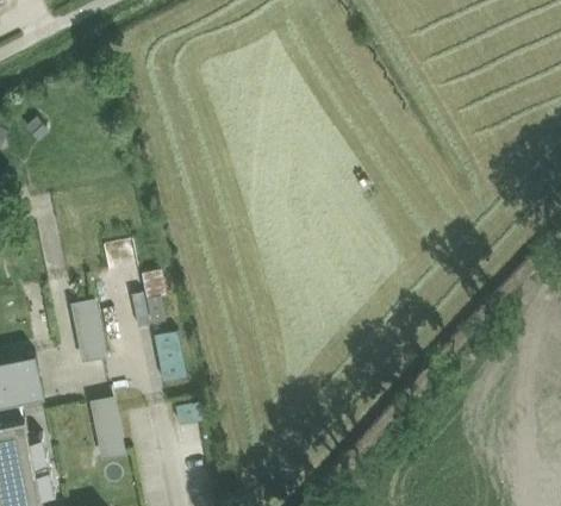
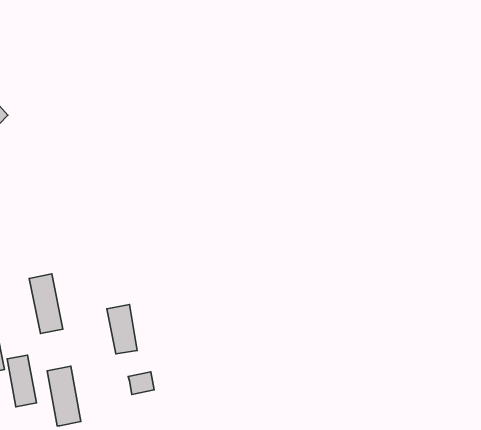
building: [141,270,164,326] -> none
building: none -> [7,355,36,407]

